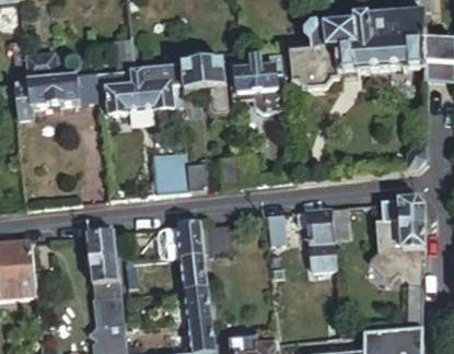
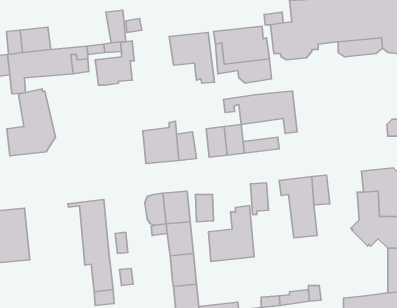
building: [141,62,183,107] -> none
building: none -> [7,89,56,156]
building: none -> [223,91,297,134]
building: none -> [209,206,254,261]

